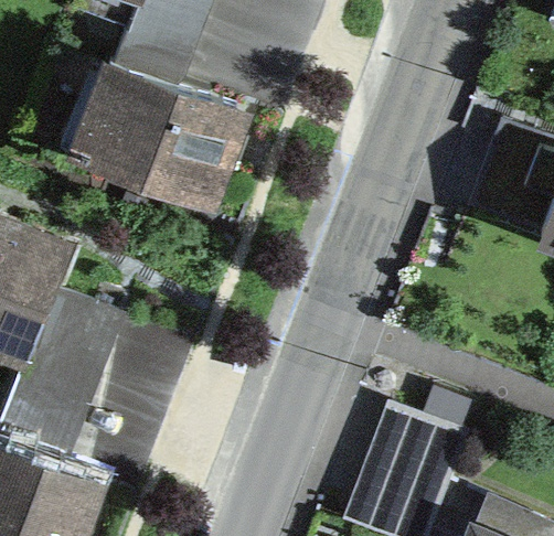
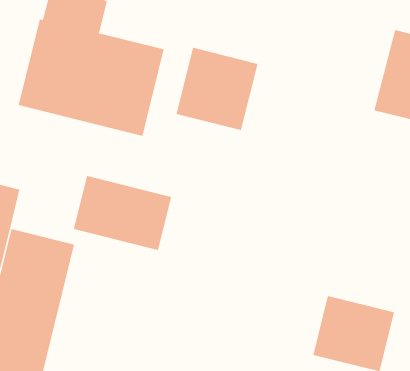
building: none -> [176,47,258,131]
building: none -> [73,175,172,251]

